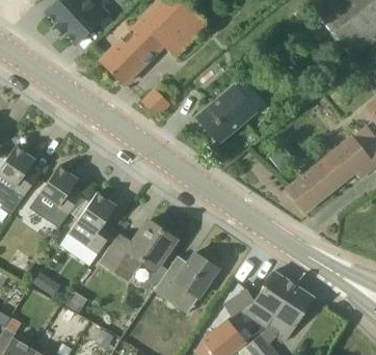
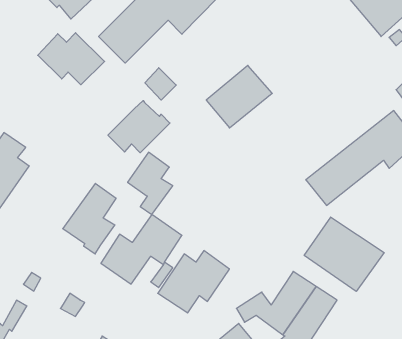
building: none -> [38,33,105,85]
building: none -> [108,101,170,153]
building: [39,166,80,222] -> [128,152,173,215]
building: none -> [304,217,384,291]

